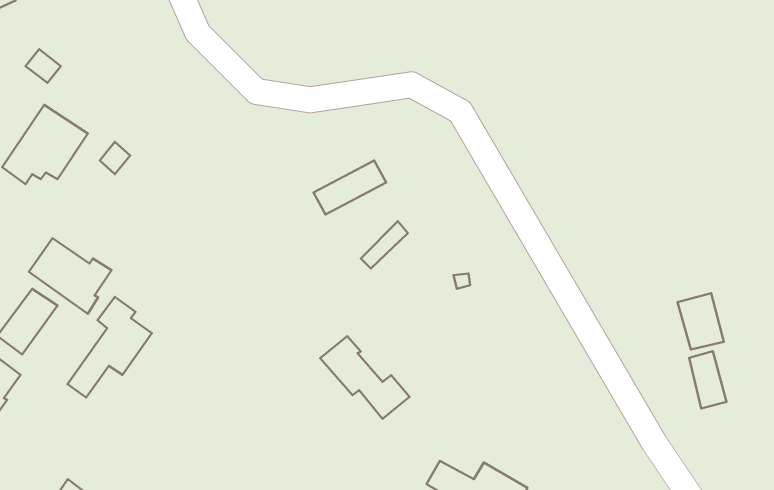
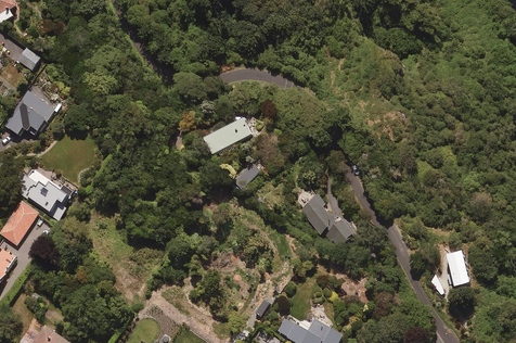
building: [678,293,724,349] -> none
building: [68,297,152,397] -> none
building: [320,336,410,419] -> [299,198,357,251]

